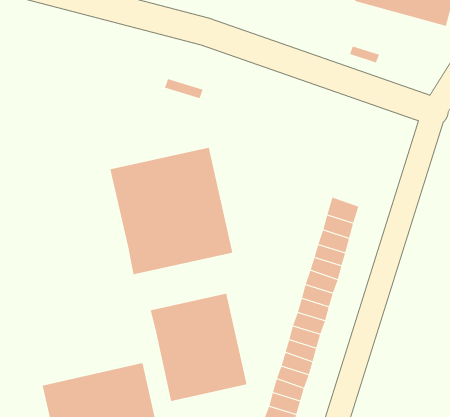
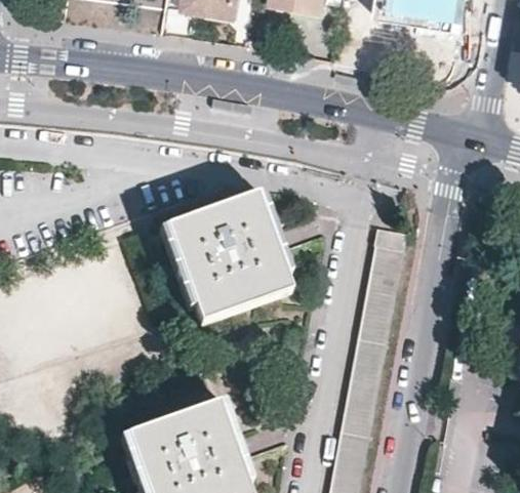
building: [150,293,247,402] -> none

